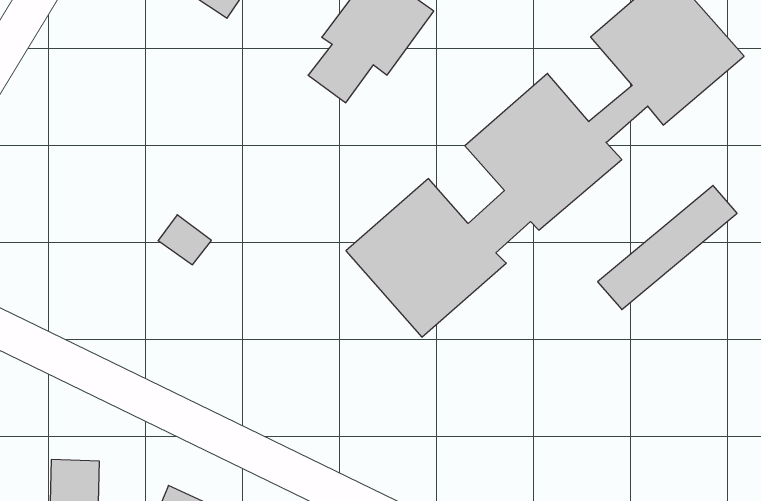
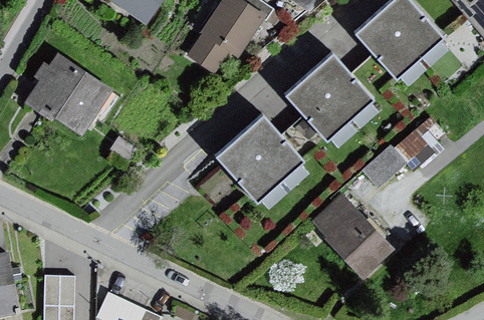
building: none -> [29,56,112,135]
building: none -> [320,198,393,279]

